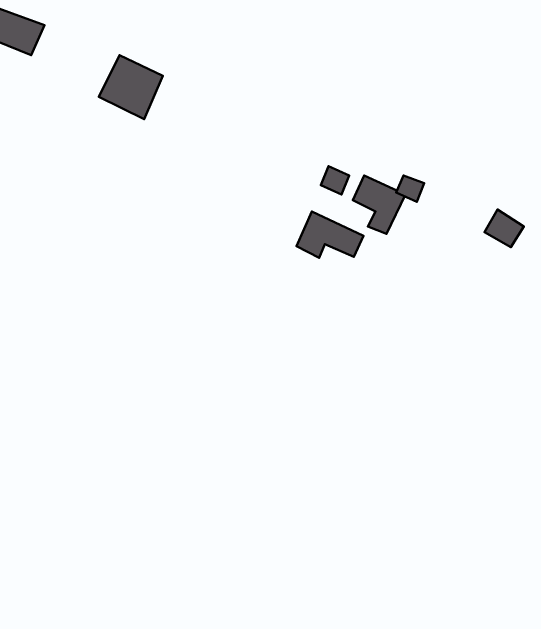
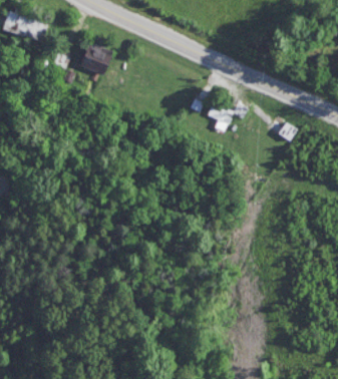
building: [296,212,364,258] -> none

